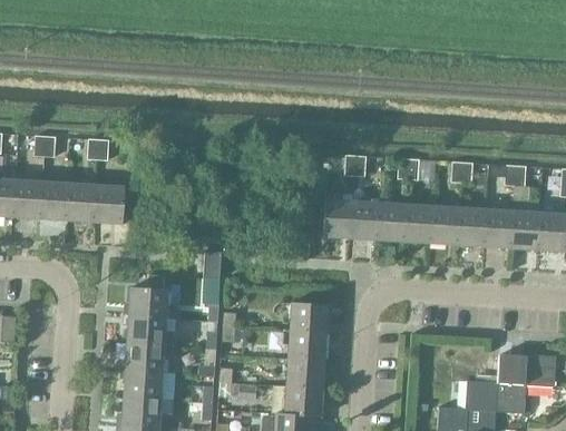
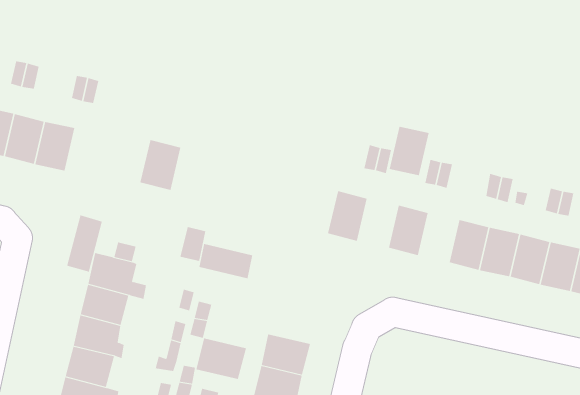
building: [94,184,124,224] -> [140,139,181,191]
building: [351,200,380,239] -> [389,126,429,176]
building: [404,204,433,243] -> none
building: none -> [67,215,103,273]
building: none -> [199,243,253,279]
building: [289,302,329,332] -> [196,338,247,380]

